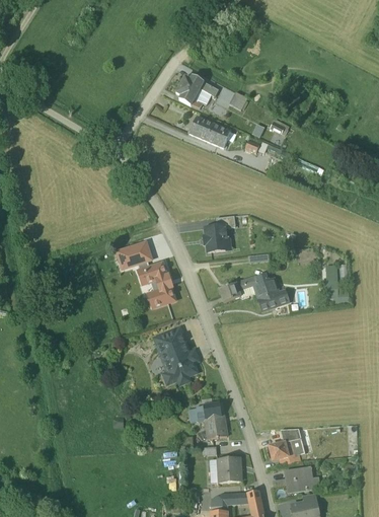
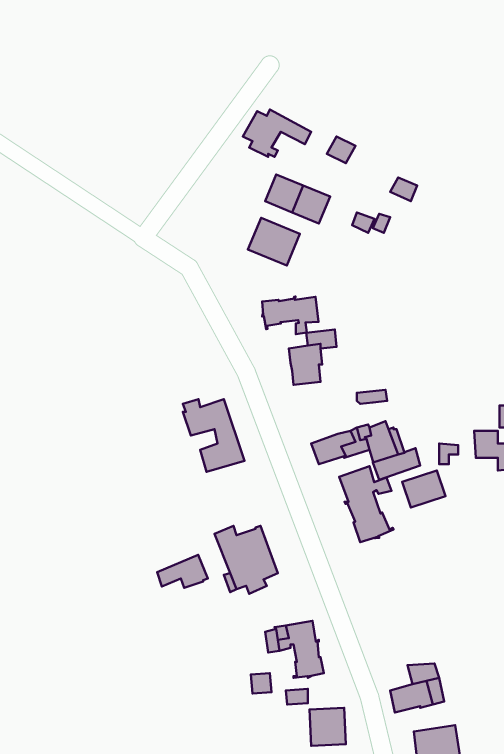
building: none -> [248,218,300,265]
building: none -> [262,297,318,334]
building: [117,240,151,267] -> none
building: none -> [339,466,394,542]
building: none -> [402,470,445,508]
building: [154,325,186,347] -> [157,555,208,588]

